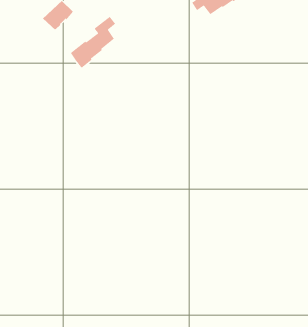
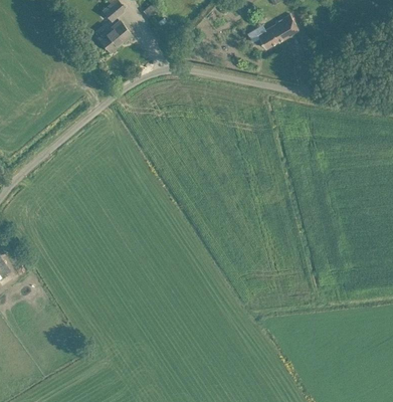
building: [70,16,116,69] -> none

